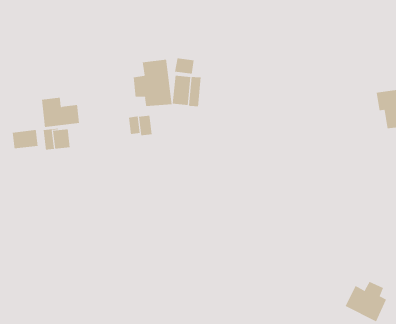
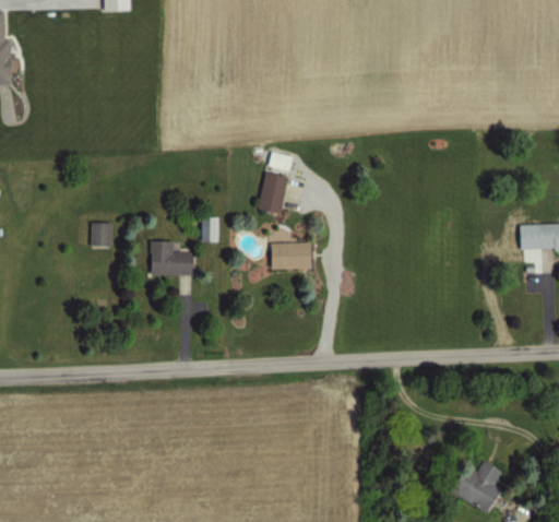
building: [133,59,172,107] -> none
building: [41,97,80,127] -> [147,240,193,276]
building: none -> [271,241,307,269]
building: [12,129,38,149] -> none

